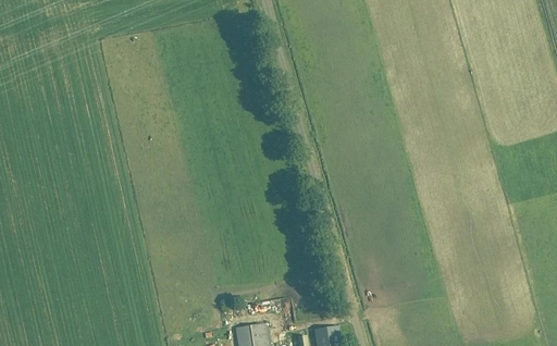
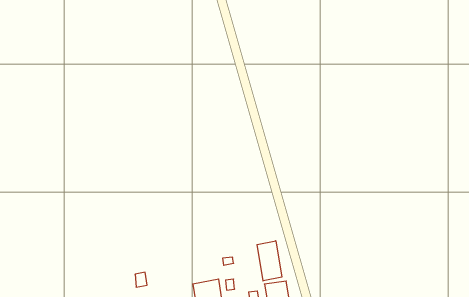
building: none -> [257,241,282,281]

